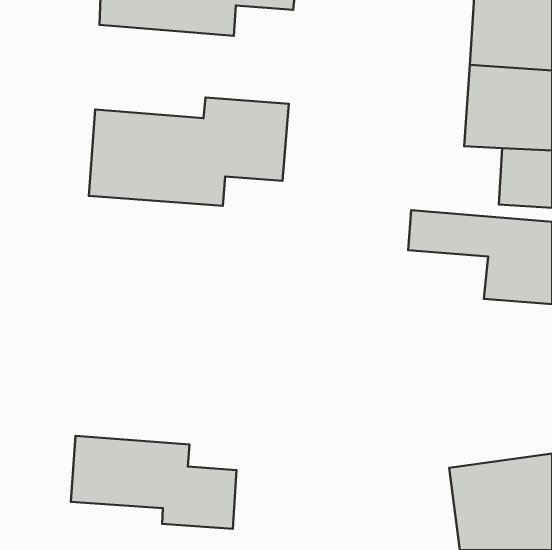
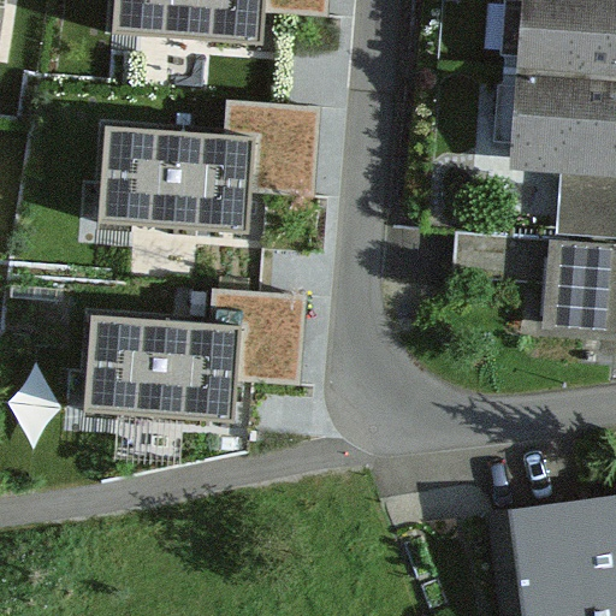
building: none -> [84,297,307,417]
building: [71,436,236,529] -> none

